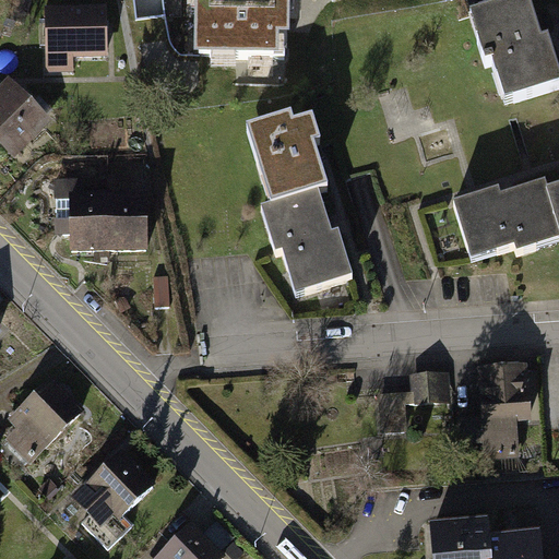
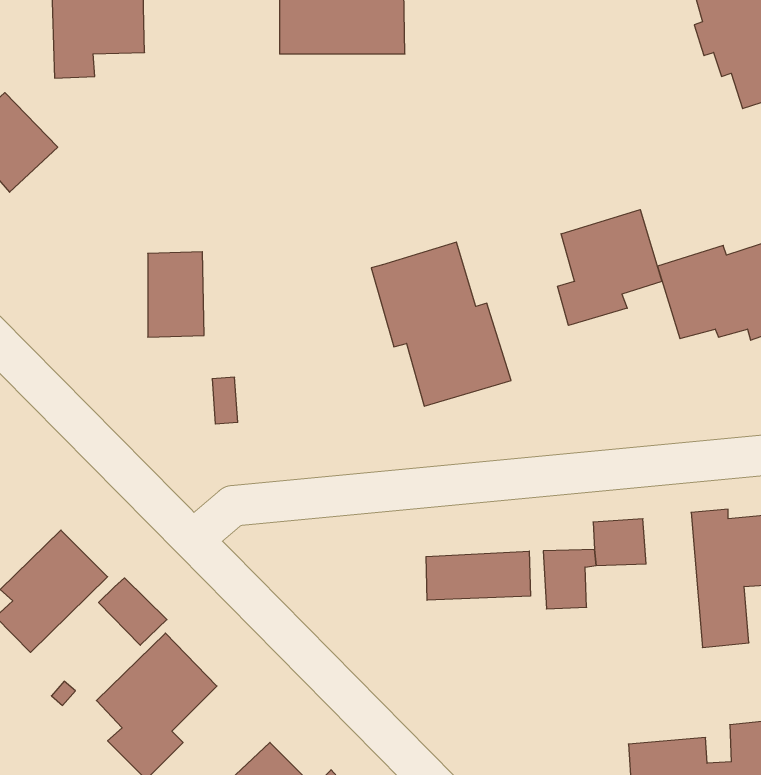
building: [246,111,328,200] -> none
building: none -> [558,210,662,325]
building: [53,179,108,249] -> none
building: none -> [426,551,530,600]
building: none -> [99,578,167,645]

